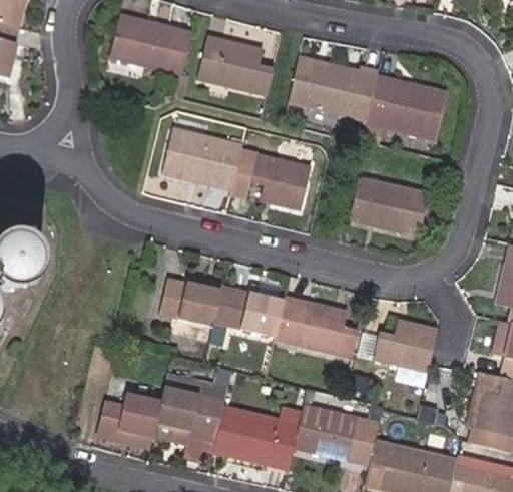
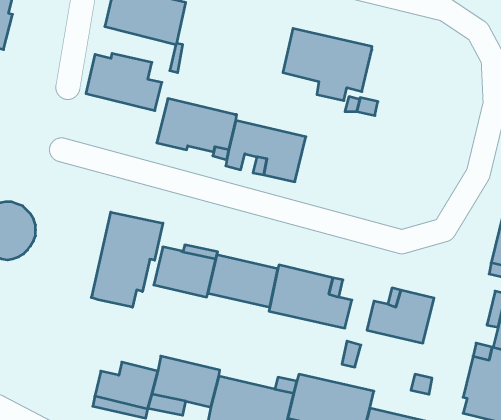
building: [196,39,273,96] -> [86,53,162,111]
building: [367,79,447,138] -> none
building: [349,176,428,234] -> none
building: none -> [91,212,163,307]

